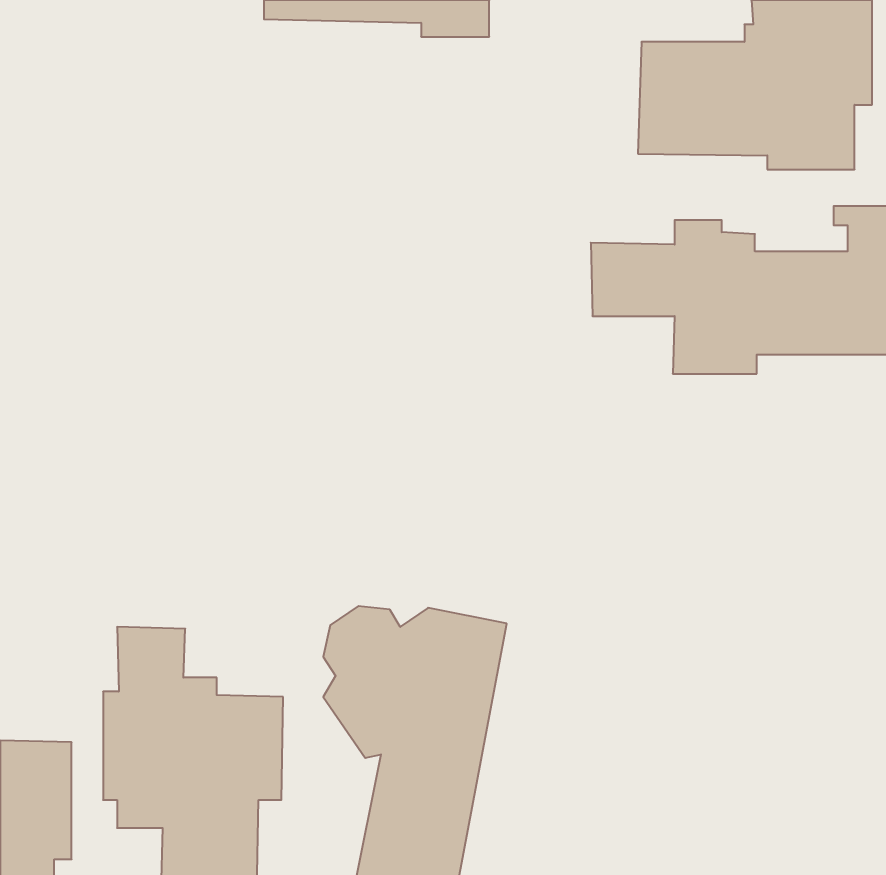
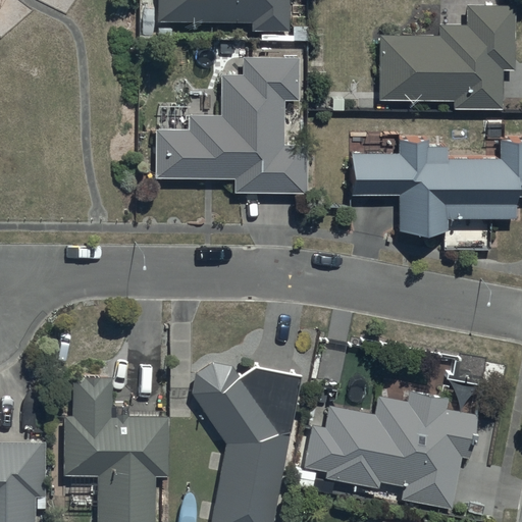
building: none -> [156,59,317,199]
building: none -> [303,388,476,510]

